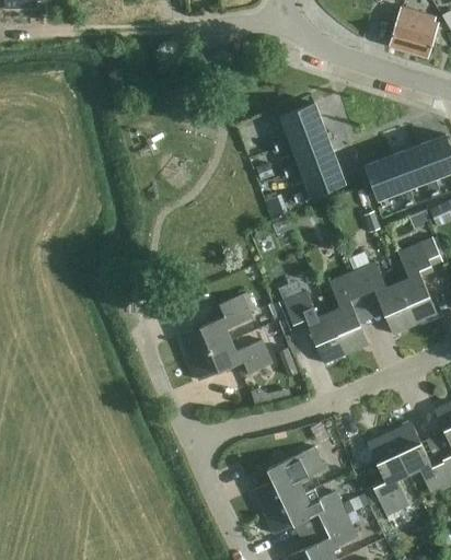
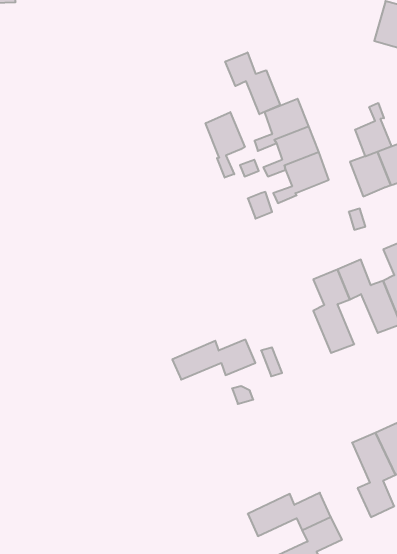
building: none -> [225,52,280,114]
building: none -> [355,103,391,156]
building: none -> [206,112,245,178]
building: [284,291,347,363] -> none
building: [181,294,253,360] -> none
building: [254,446,325,512] -> none

